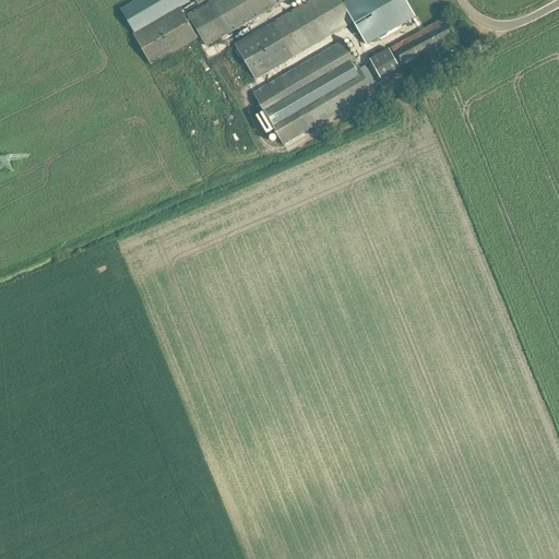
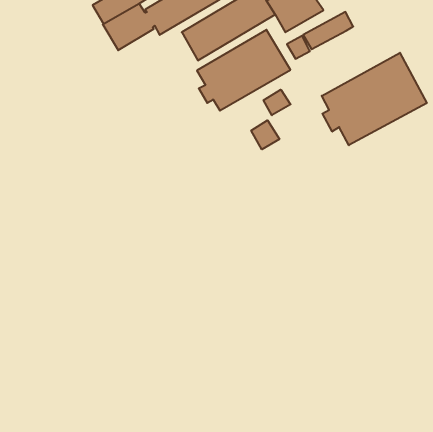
building: none -> [322,53,427,145]
building: none -> [264,90,291,115]
building: none -> [251,120,279,149]

